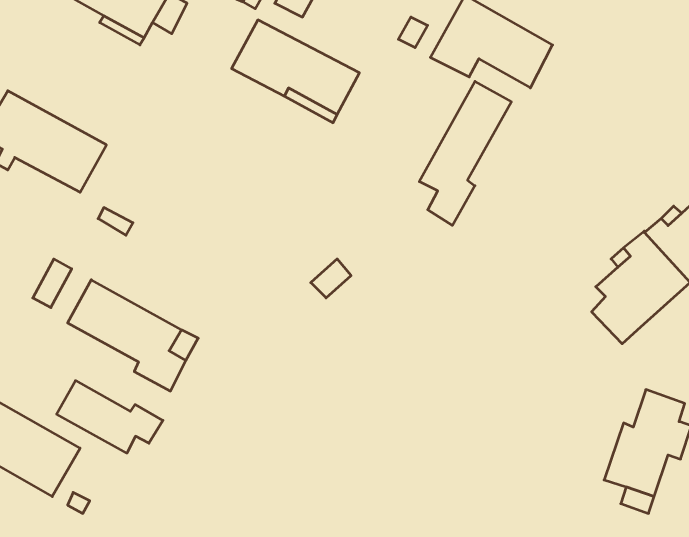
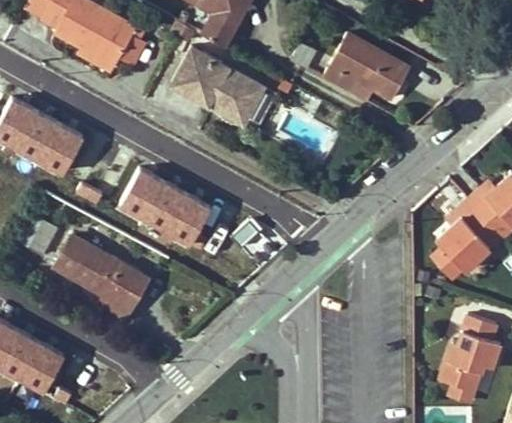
building: [419,81,511,225] -> none
building: none -> [120,171,211,251]
building: [57,381,163,453] -> none

